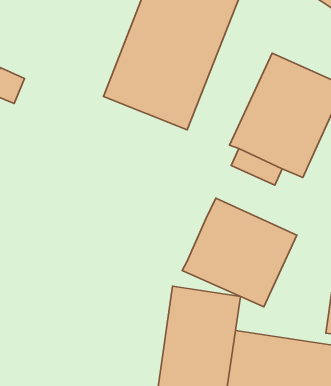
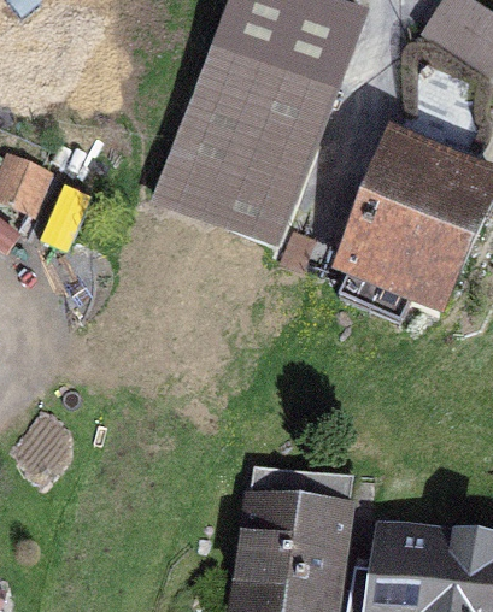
building: [182,198,297,307] -> none

